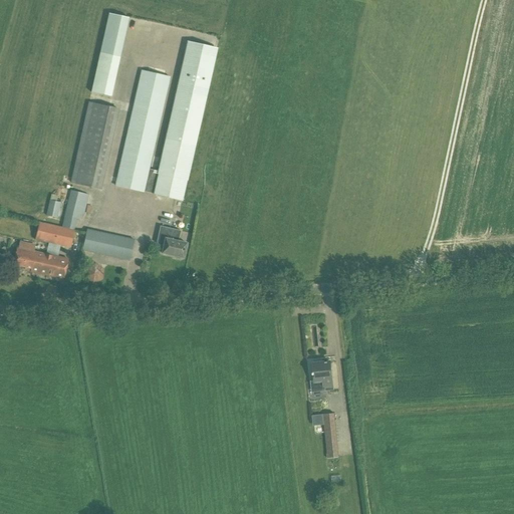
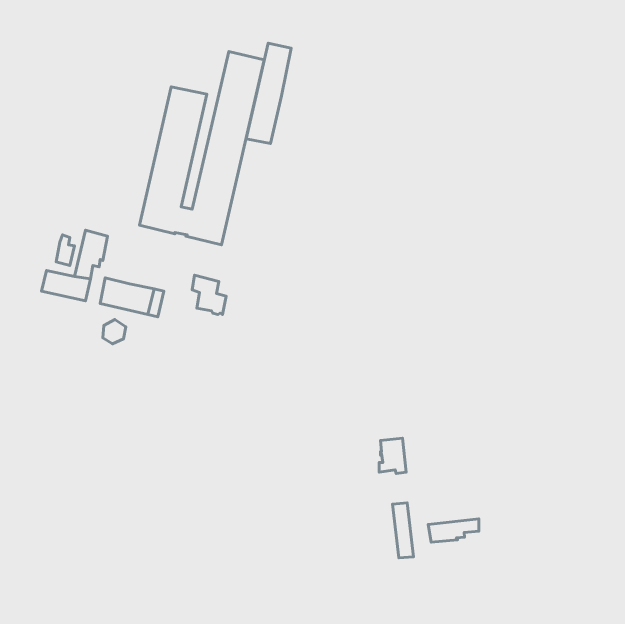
building: [90,13,127,95] -> [246,43,291,144]
building: [70,101,118,189] -> none
building: [13,247,67,278] -> none
building: none -> [428,519,479,542]

